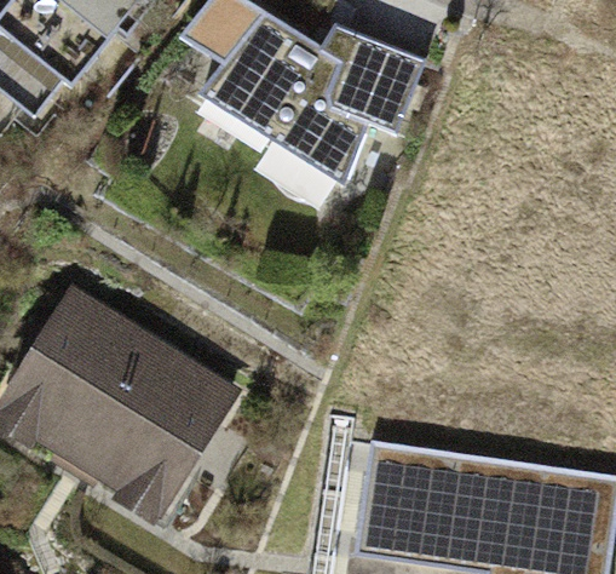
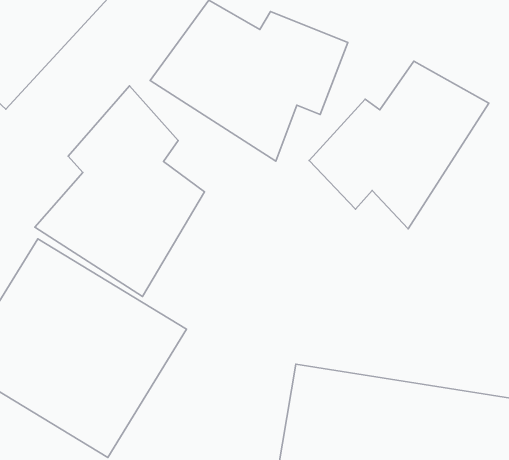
building: none -> [309,61,489,229]
building: none -> [35,86,204,296]

